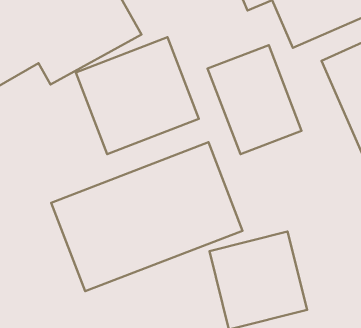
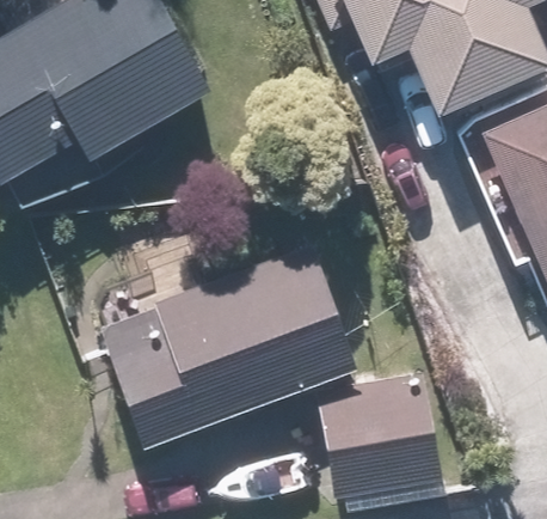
building: [76,37,199,154] -> none
building: [208,45,302,154] -> none

